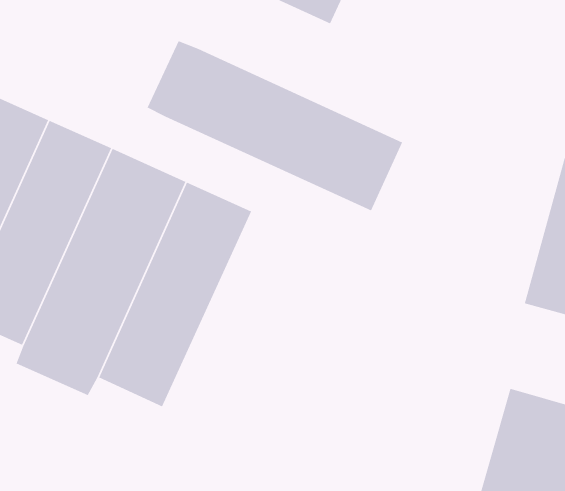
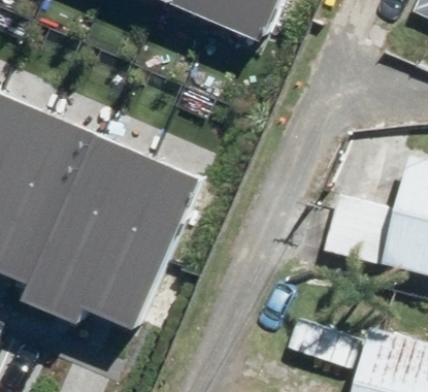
building: [147,40,403,212] -> none

